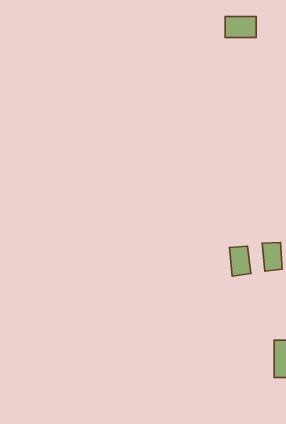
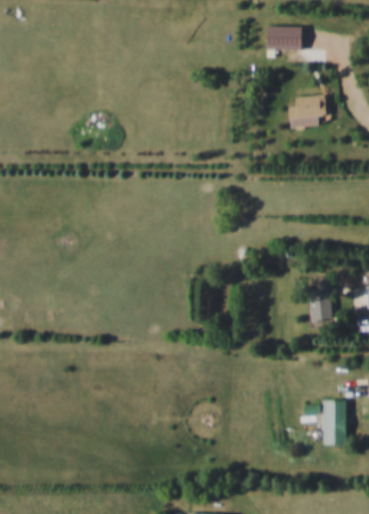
building: none -> [289,97,325,127]
building: [230,246,251,276] -> none

